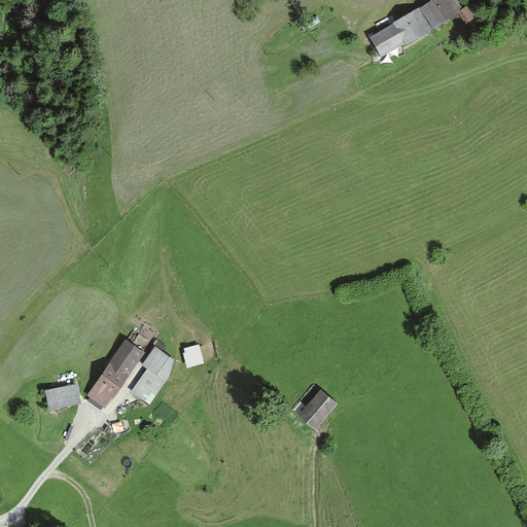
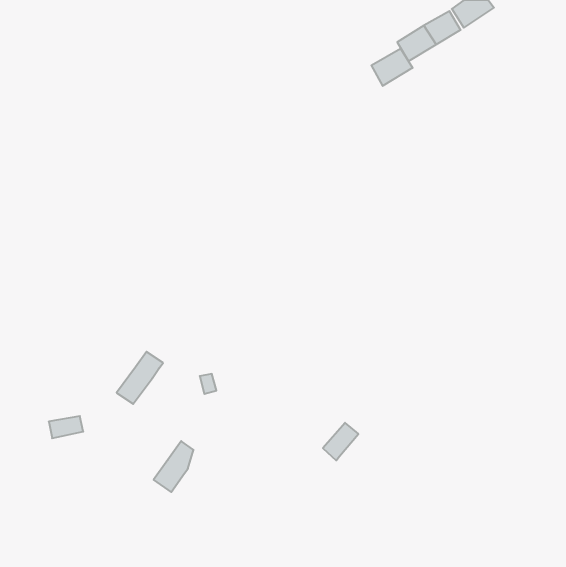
building: none -> [371,48,413,86]
building: [135,351,172,398] -> [154,441,194,492]
building: [87,364,125,406] -> none

